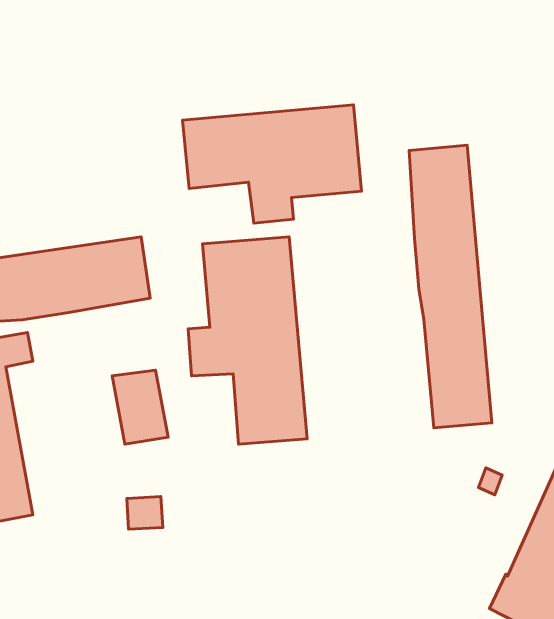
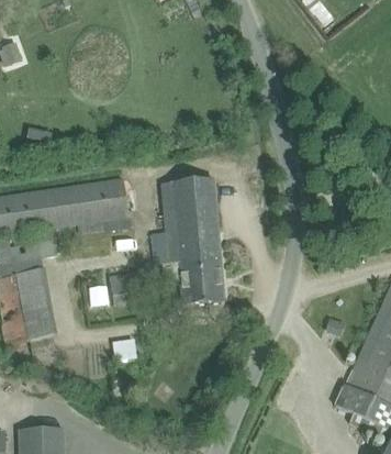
building: [183,105,362,223] -> none
building: [409,145,492,428] -> none

